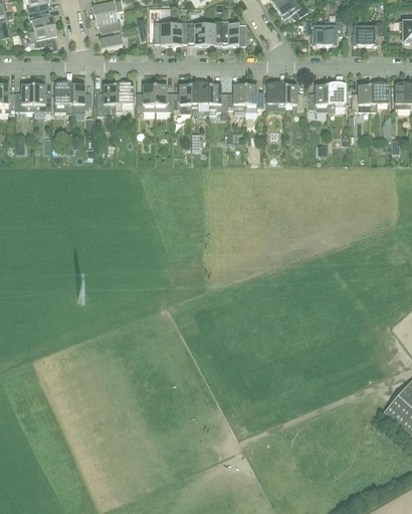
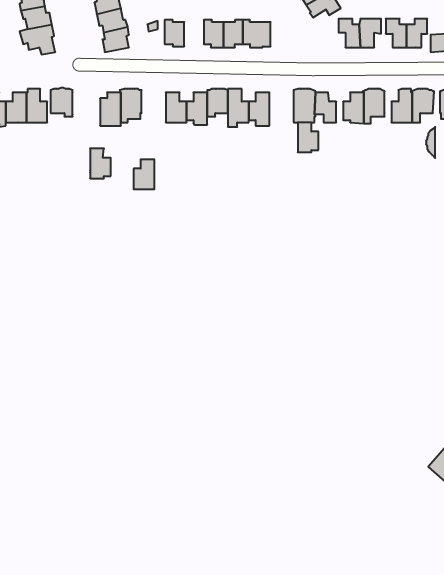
building: [171,21,188,45] -> none
building: [73,84,91,110] -> [90,148,111,178]
building: [137,84,155,110] -> [134,159,154,189]
building: [245,84,263,110] -> [298,122,318,152]

